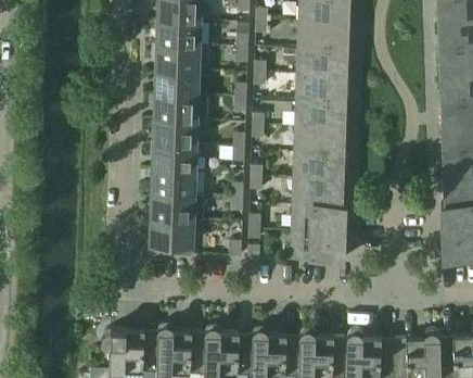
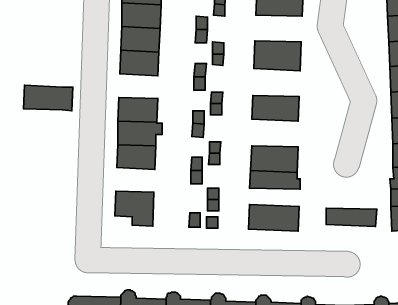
building: [298,33,348,61] -> none
building: [296,89,346,118] -> none
building: [155,94,207,122] -> [23,85,73,111]
building: [295,142,344,172] -> none
building: [152,193,204,220] -> none
building: [293,215,346,235] -> [326,208,377,227]

